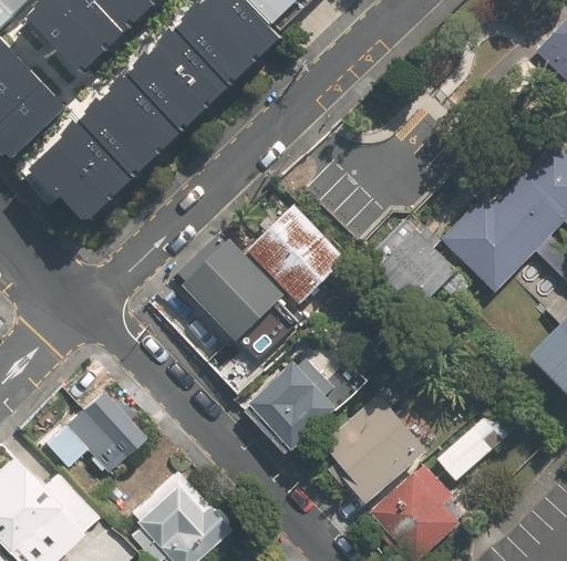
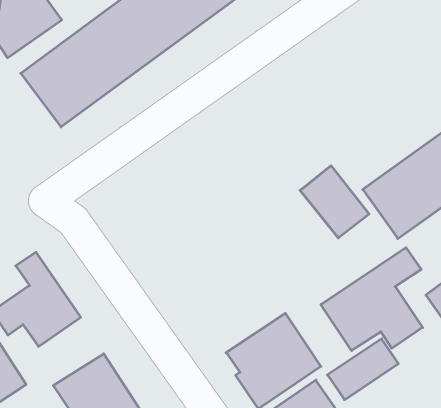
building: [243,208,341,308] -> none
building: [171,238,298,362] -> none
building: none -> [321,248,423,351]
building: [241,352,339,455] -> none

